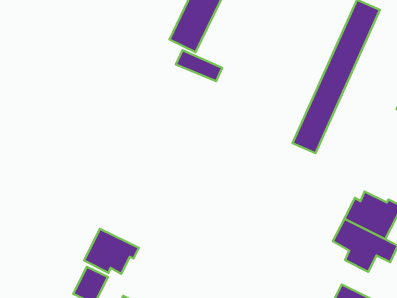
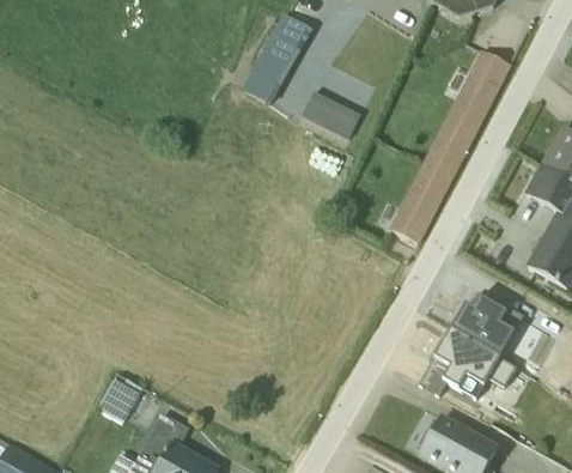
building: [176,50,222,81] -> [304,89,363,131]
building: [84,229,139,274] -> none

